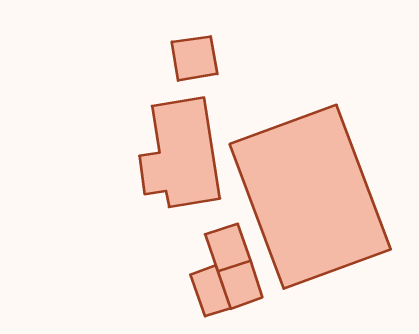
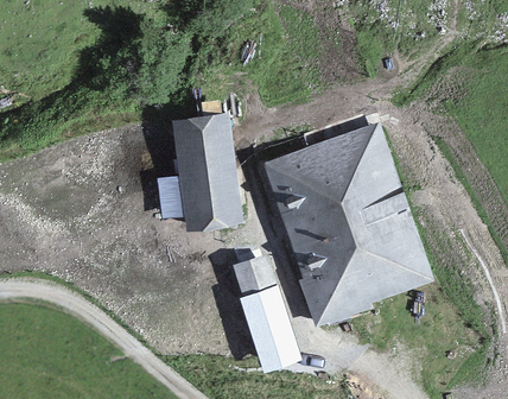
building: [172,36,217,81] -> none
building: [190,265,230,316] -> none

